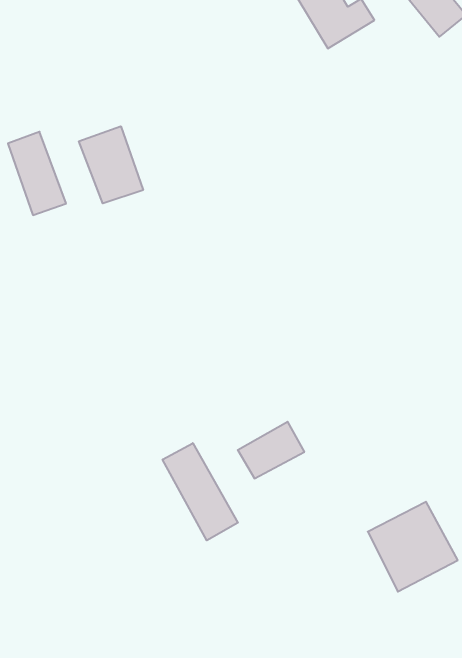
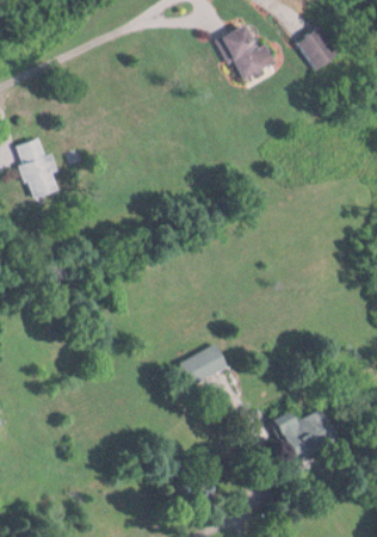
building: [79,126,143,203] -> none
building: [163,443,238,540] -> none

